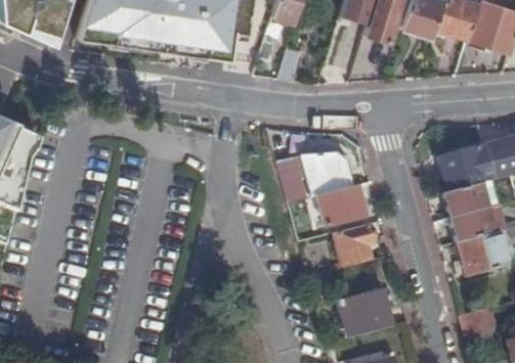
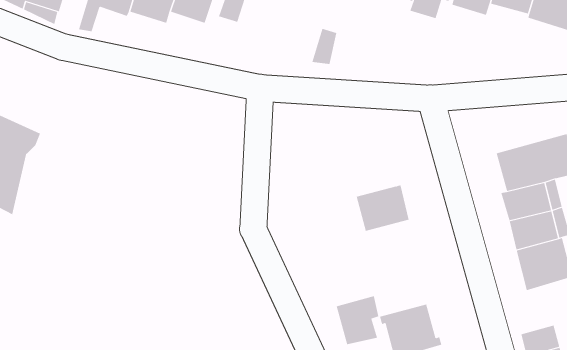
building: [277,152,353,203] -> none
building: [334,225,372,268] -> [336,296,379,345]

